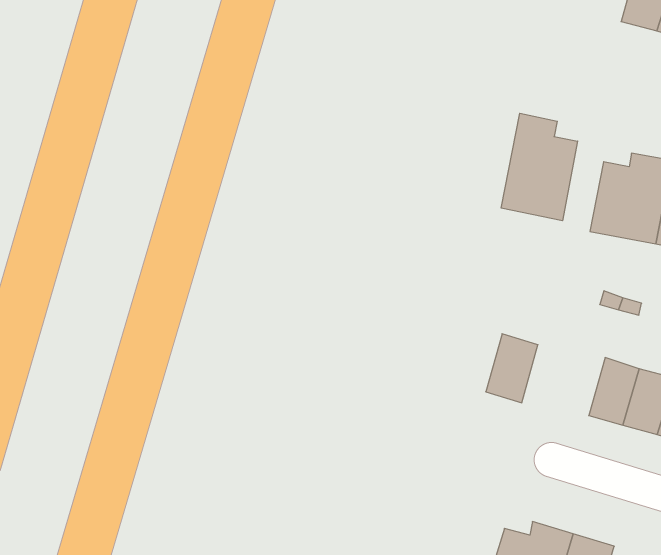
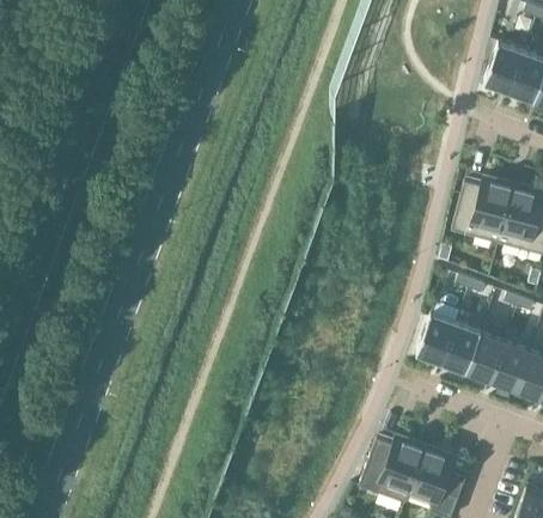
building: [501,113,578,221] -> none
building: [486,334,538,403] -> [416,313,456,364]

